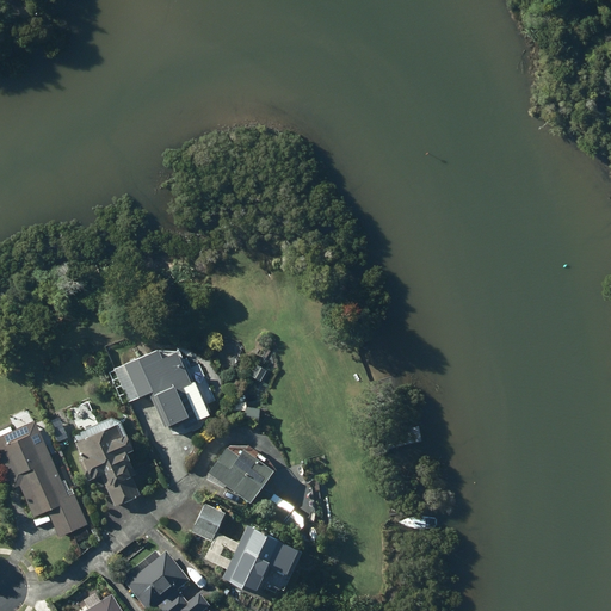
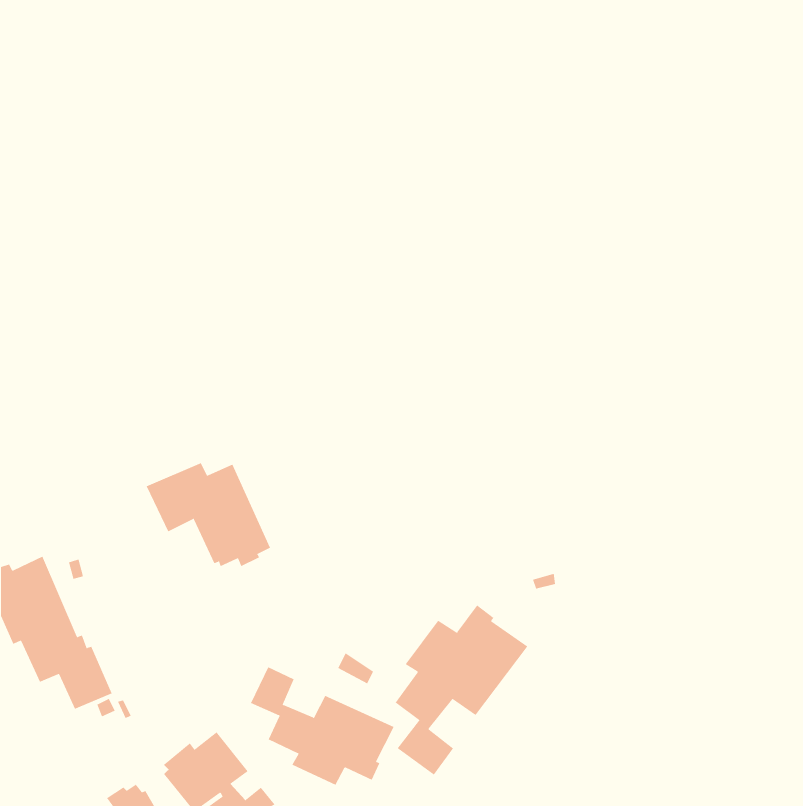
building: [73,418,141,506] -> none
building: [209,446,272,502] -> none
building: none -> [395,605,528,775]

